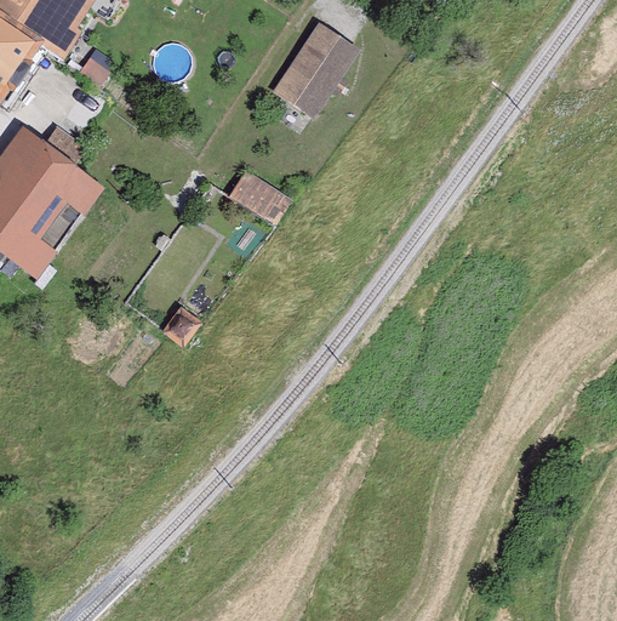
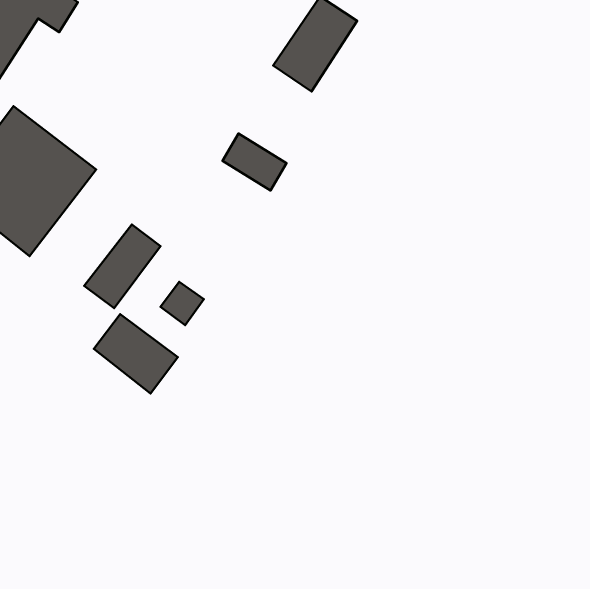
building: none -> [84,224,160,308]
building: none -> [94,314,178,394]

